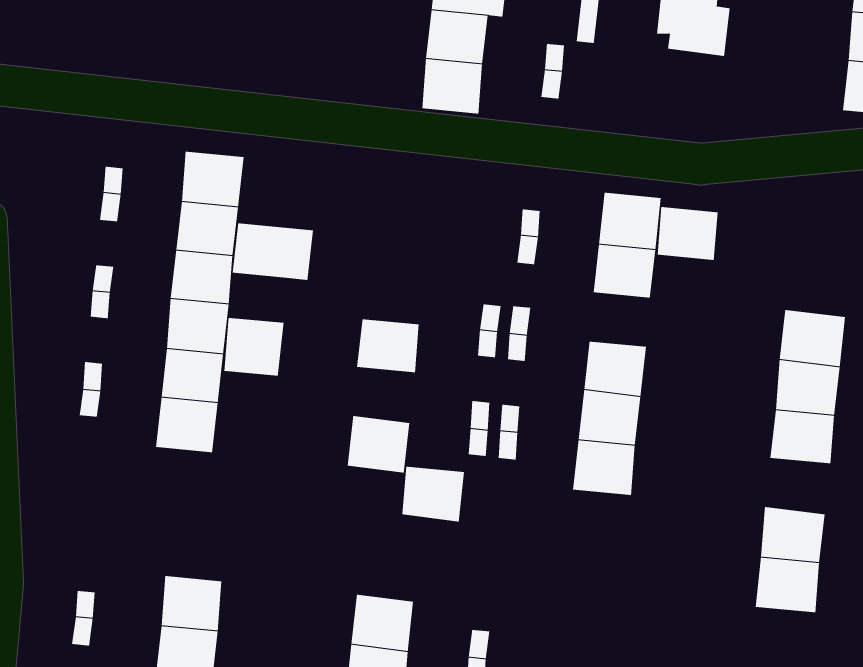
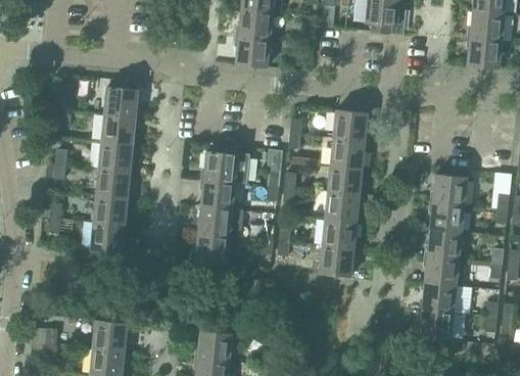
building: [657,207,718,261] -> [328,165,362,194]
building: [232,223,314,280] -> [203,151,248,183]
building: [224,317,284,376] -> none
building: none -> [424,255,461,286]
building: [402,466,465,522] -> [198,205,233,236]

